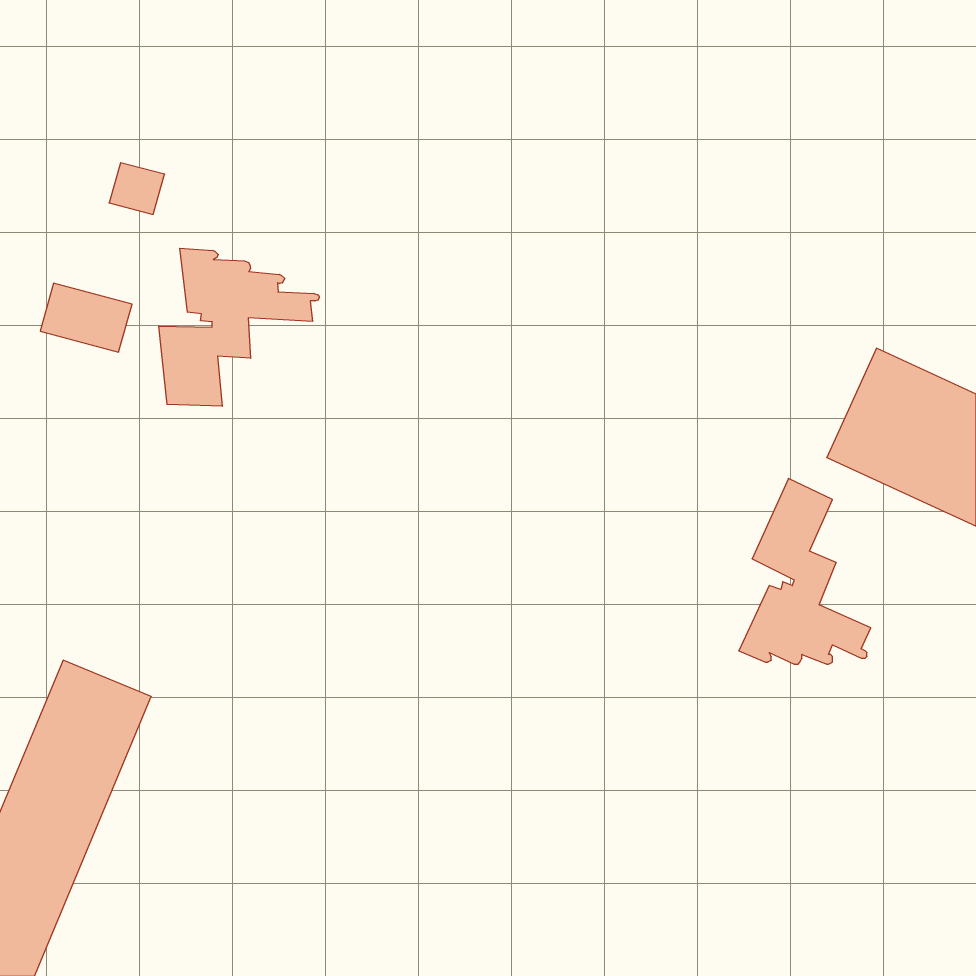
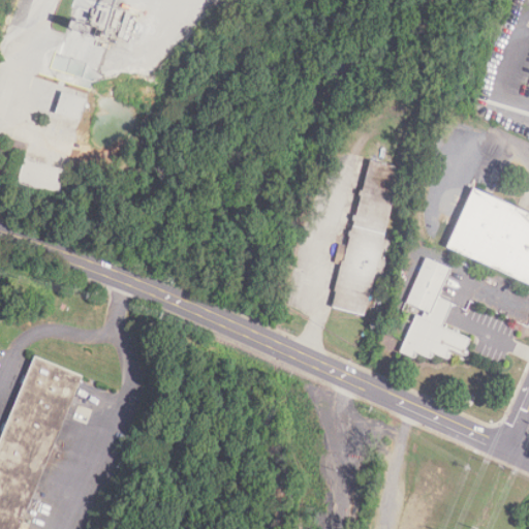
building: [159,248,319,406] -> none
building: none -> [332,143,401,316]

